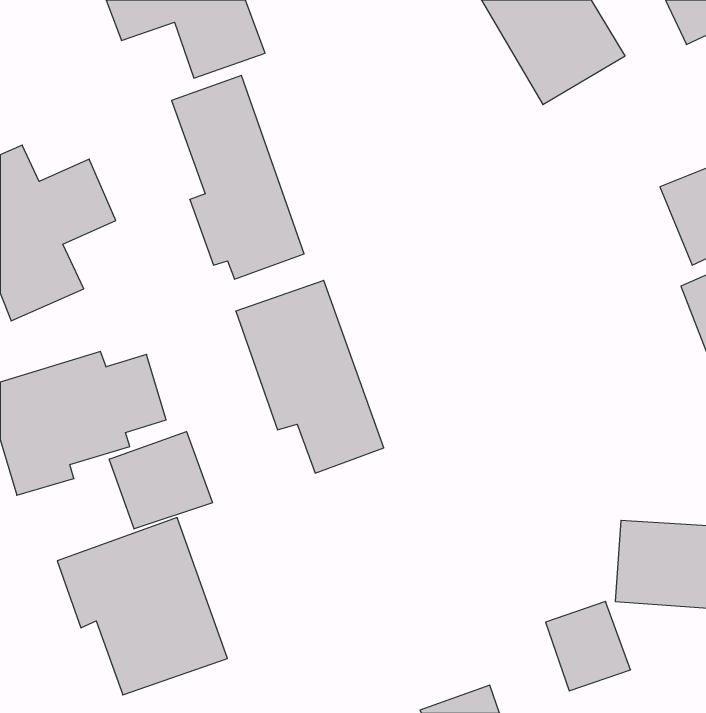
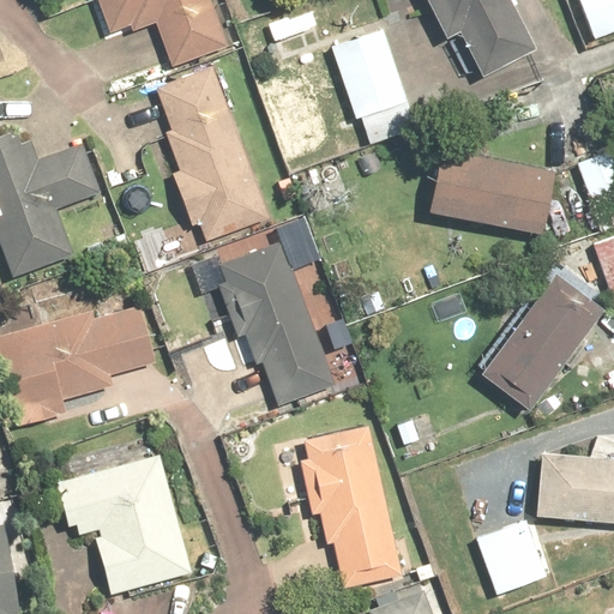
building: none -> [330,23,410,120]
building: none -> [423,145,556,233]
building: none -> [474,267,604,411]
building: [109,432,212,529] -> none
building: none -> [294,427,414,592]

